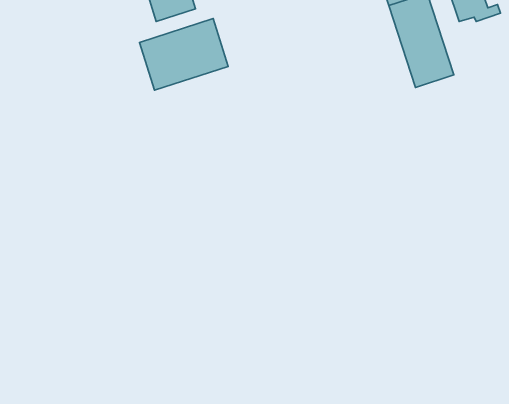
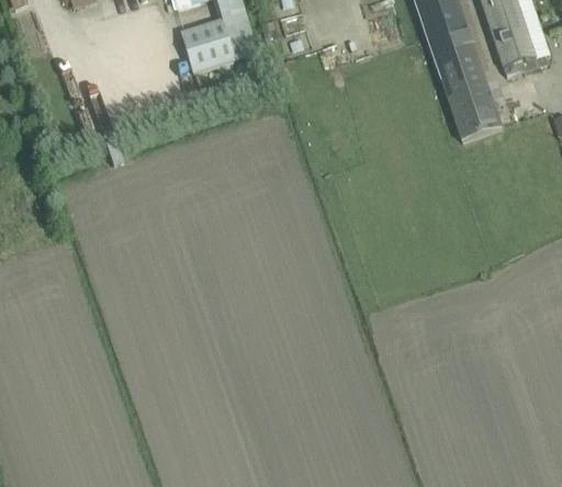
building: [139,19,228,90] -> none

